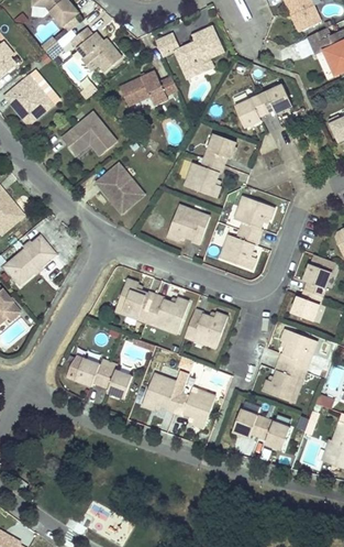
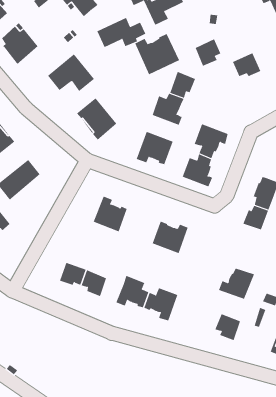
building: [259,84,293,112] -> [232,52,261,77]
building: none -> [134,33,180,75]
building: [147,295,190,333] -> none
building: [282,329,319,372] -> none
building: [233,409,267,438] -> none

